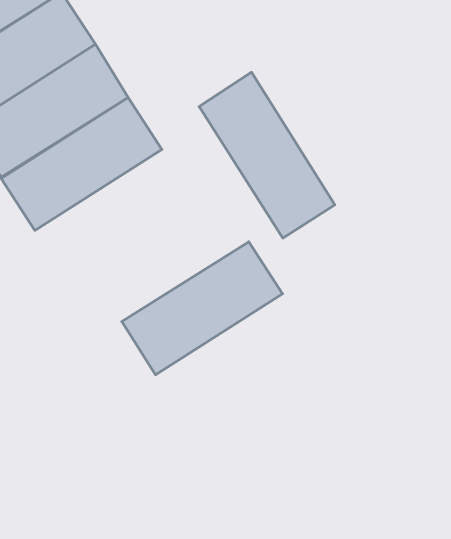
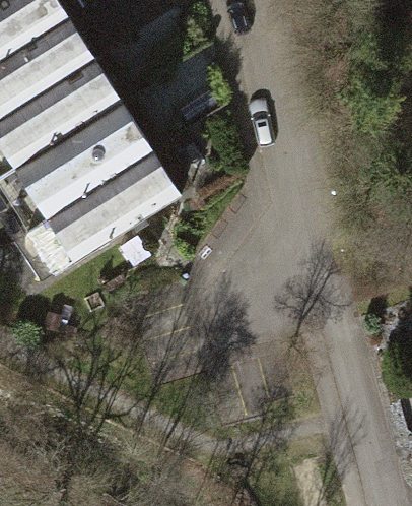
building: [199,72,335,238] -> none
building: [122,242,283,375] -> [42,155,177,267]

